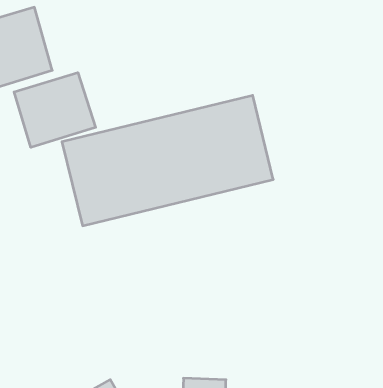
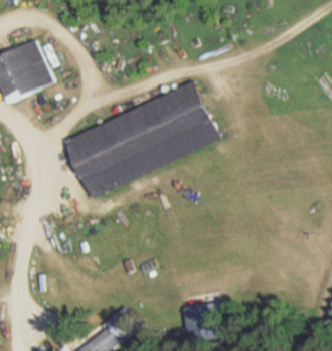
building: [14,73,96,147] -> none

